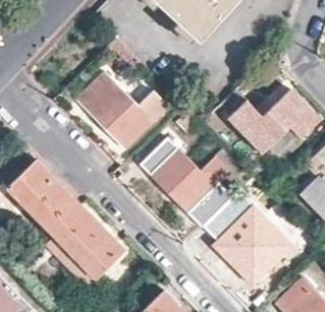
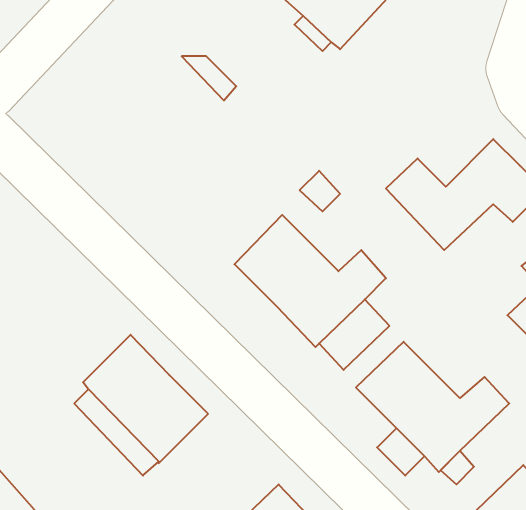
building: [77,72,164,146] -> none
building: [8,160,78,231] -> none

